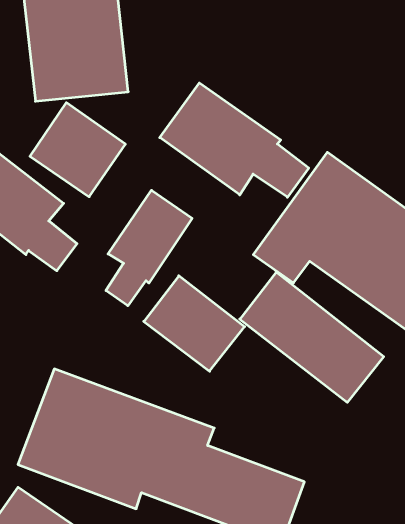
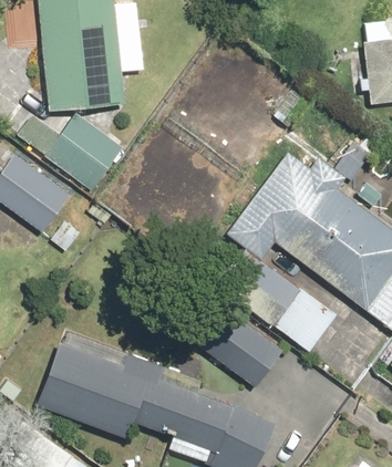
building: [160,83,309,197] -> none
building: [106,190,192,306] -> none
building: [144,276,245,371] -> [200,311,283,390]

